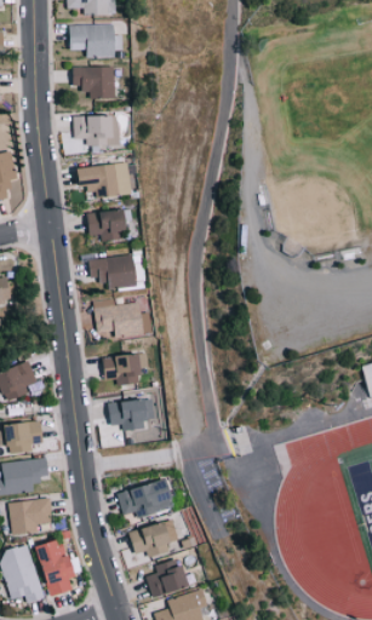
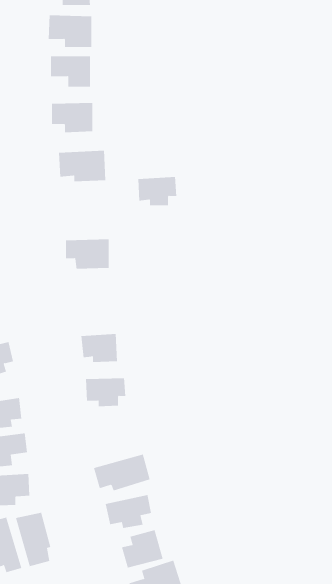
building: [87,209,128,240] -> [137,177,177,206]
building: [92,298,143,337] -> none

